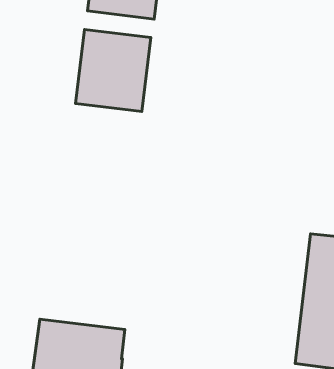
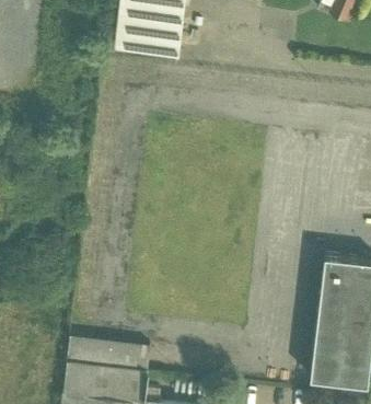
building: [75,30,151,111] -> none

